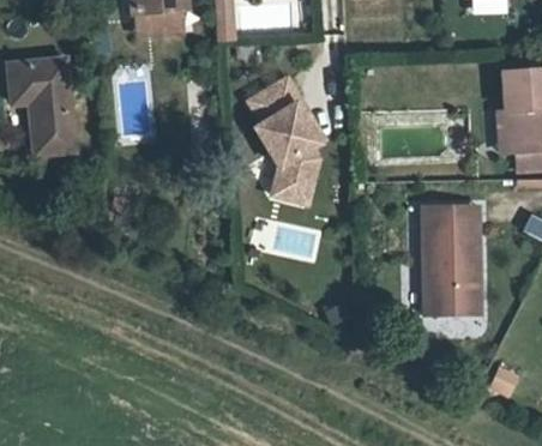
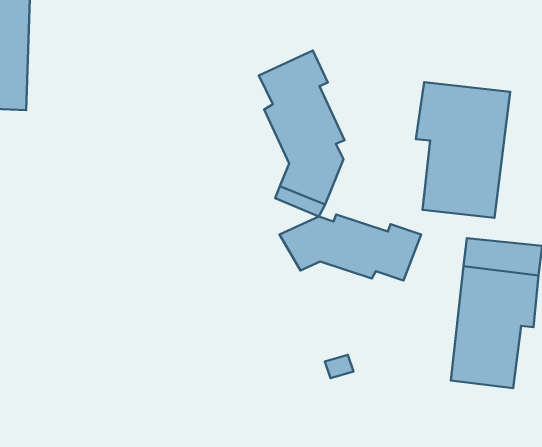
building: none -> [416,82,510,218]
building: none -> [279,214,421,281]

